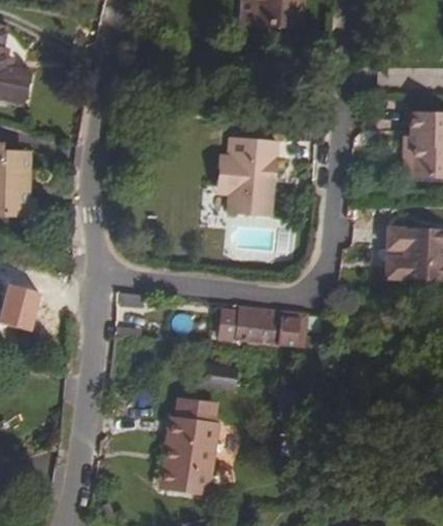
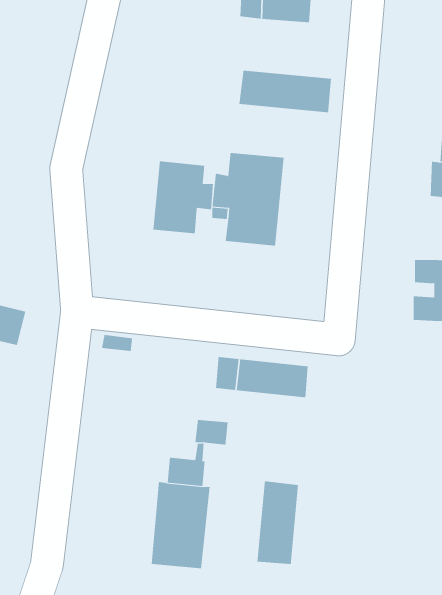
building: none -> [239,70,331,113]
building: none -> [153,161,214,234]
building: none -> [257,480,298,565]

